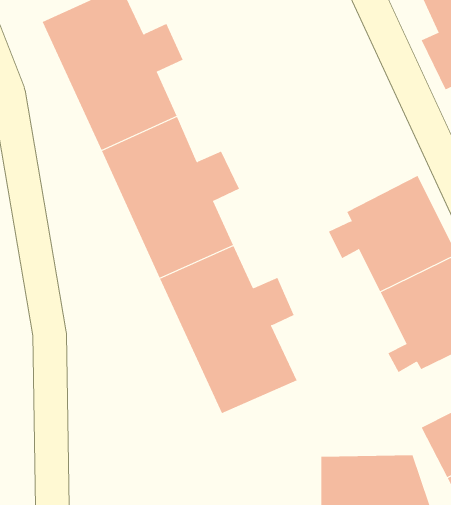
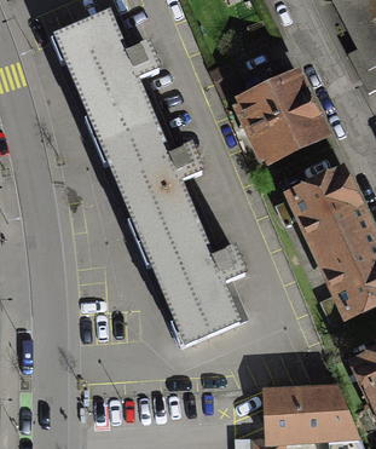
building: none -> [230,68,329,165]

